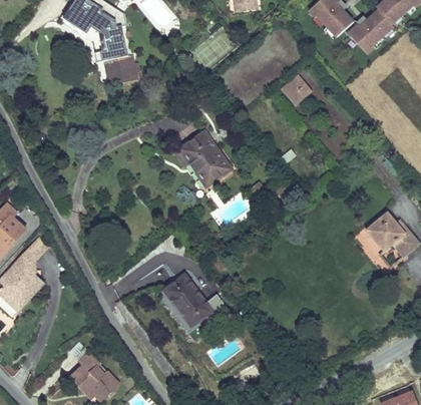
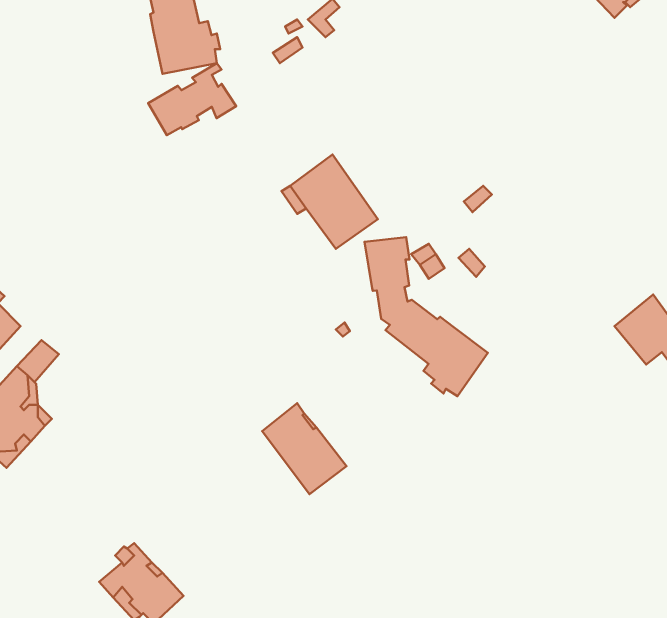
building: [282,74,312,105] -> none
building: none -> [148,63,236,135]
building: none -> [365,237,488,396]

